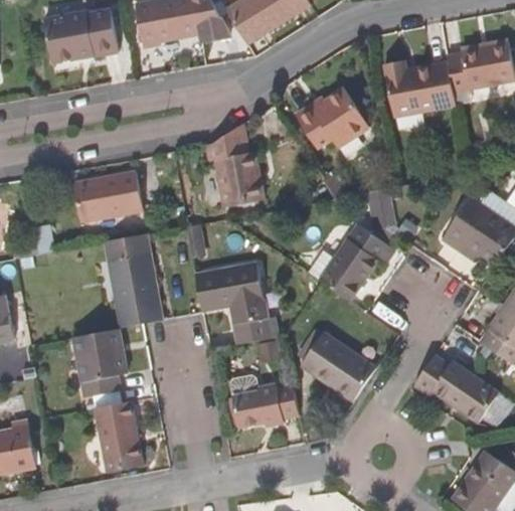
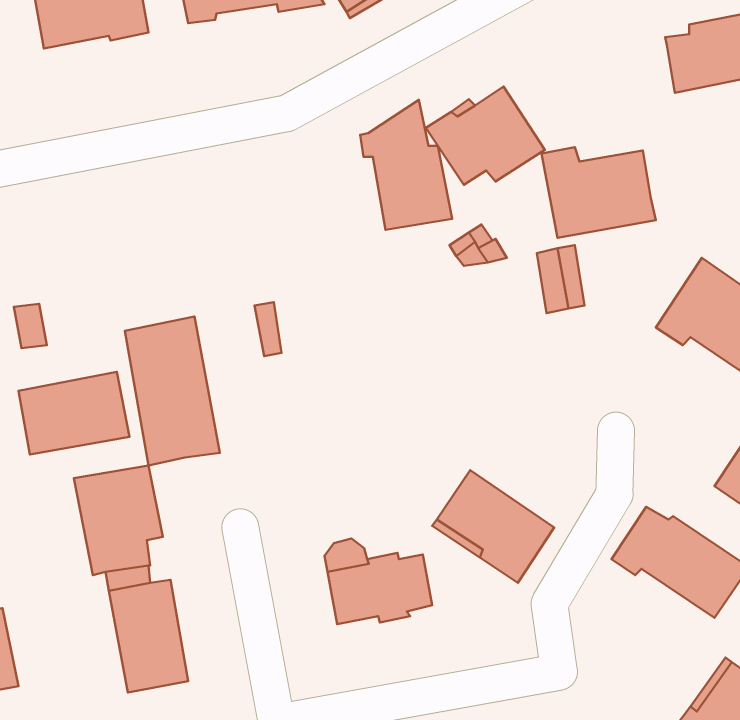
building: [383,59,456,117] -> [542,147,656,238]
building: [206,123,265,205] -> [360,100,452,230]
building: [74,170,145,222] -> [19,372,130,454]
building: [306,223,395,303] -> none
building: [194,261,272,345] -> none

